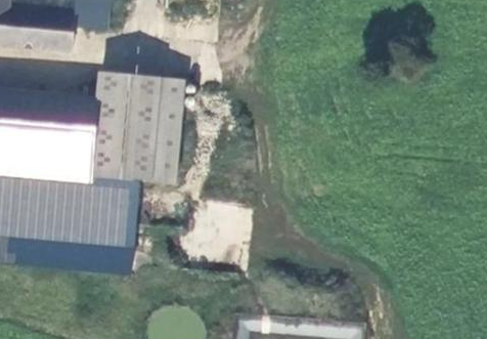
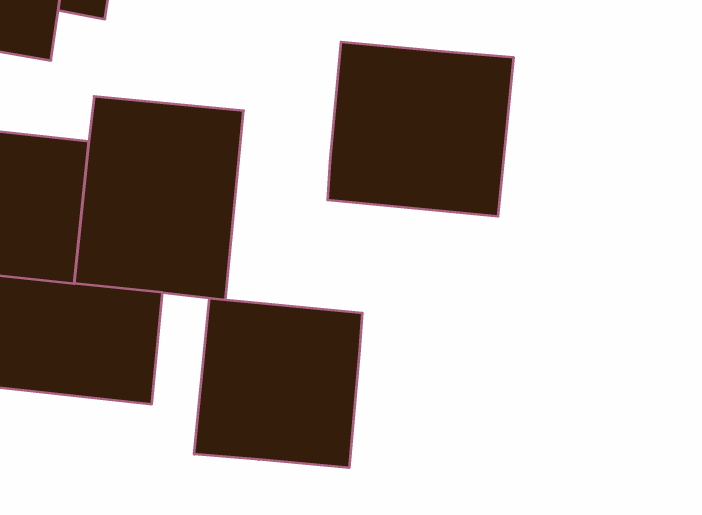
building: none -> [328,42,513,216]
building: none -> [194,298,362,468]

